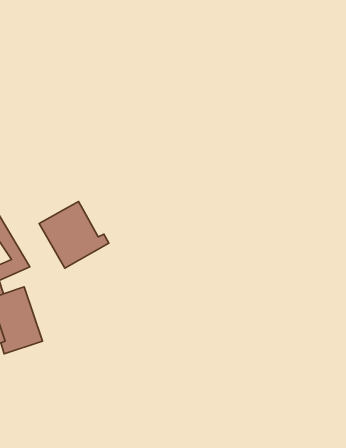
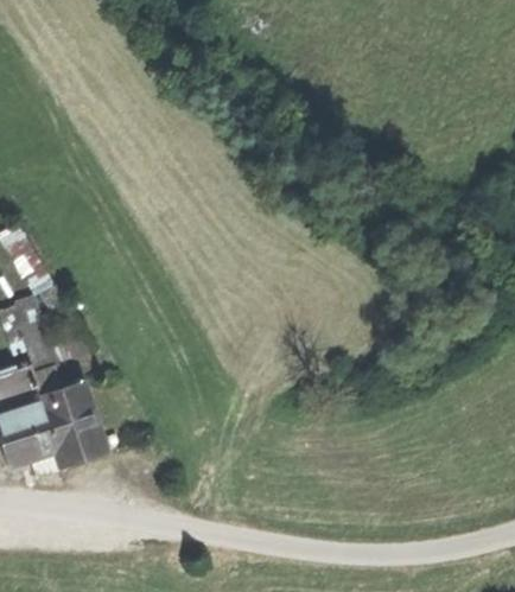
building: [39,202,109,268] -> none

